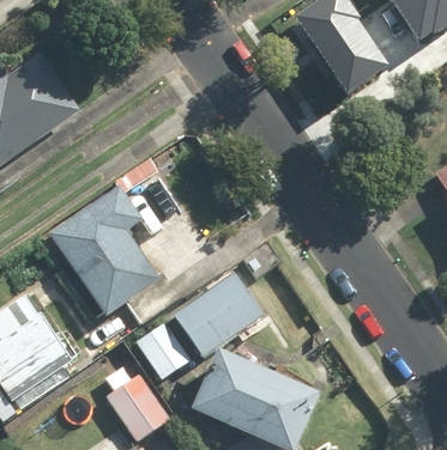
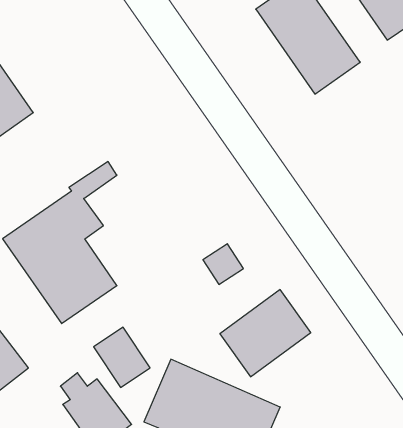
building: [173,273,261,358] -> [220,290,311,377]

